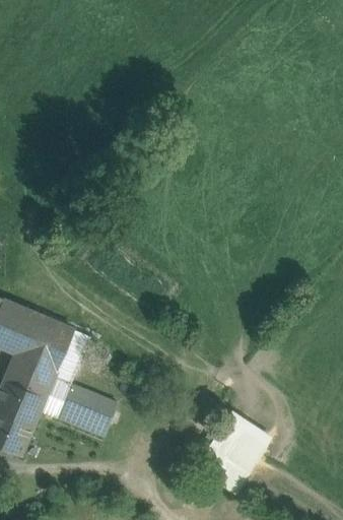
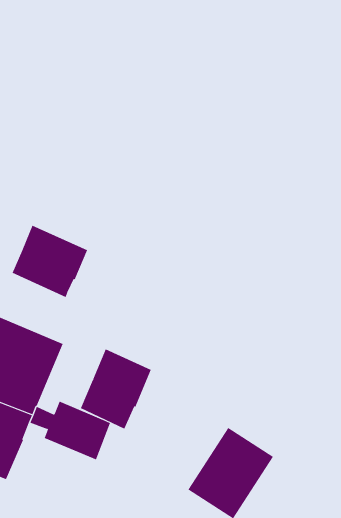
building: none -> [12,225,88,298]
building: none -> [80,348,152,429]

